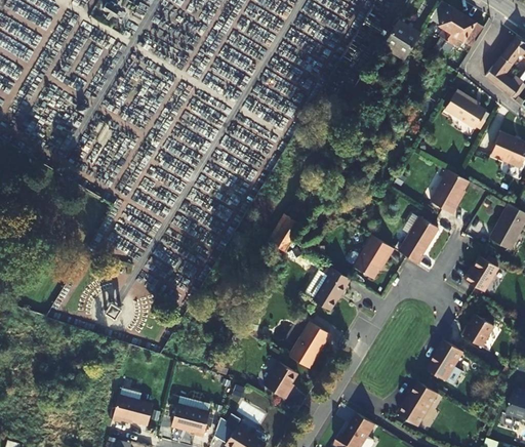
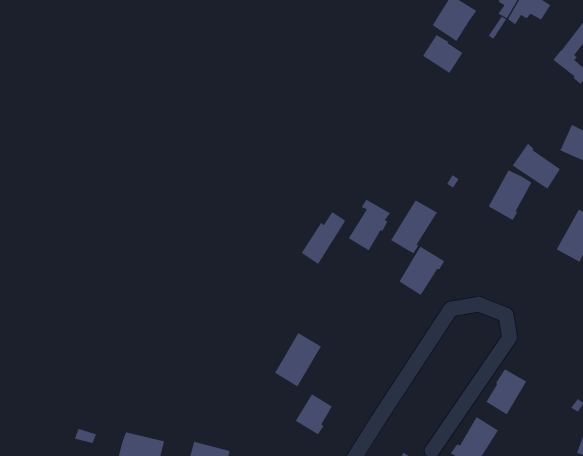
building: none -> [422,34,463,74]
building: [445,89,487,129] -> [512,143,561,189]
building: [398,217,439,265] -> [390,199,438,254]
building: [465,257,499,292] -> none
building: [313,267,350,312] -> [348,199,391,251]
building: [462,316,495,348] -> none
building: [289,322,330,369] -> [274,332,322,387]

